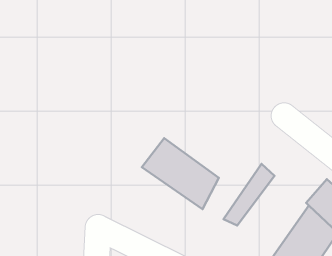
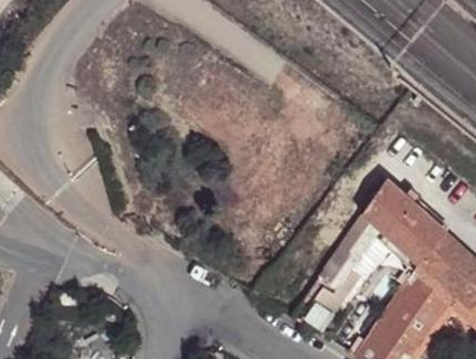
building: none -> [363,179,443,260]
building: [142,138,219,209] -> none

